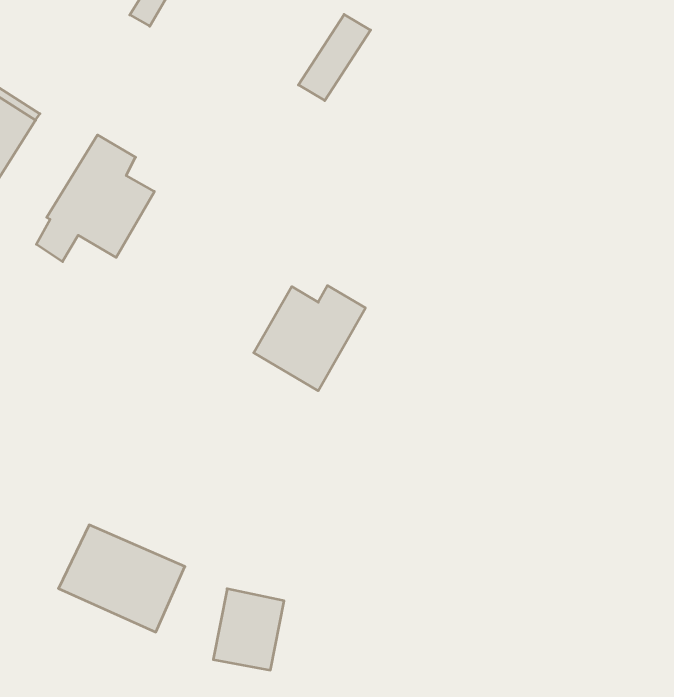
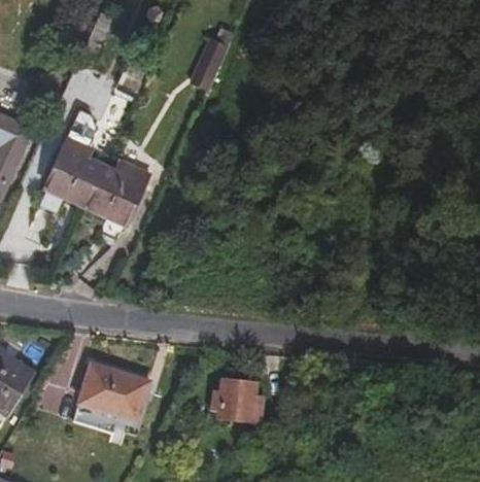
building: [254,286,365,391] -> [87,162,148,223]
building: [213,589,284,670] -> [218,378,255,422]

